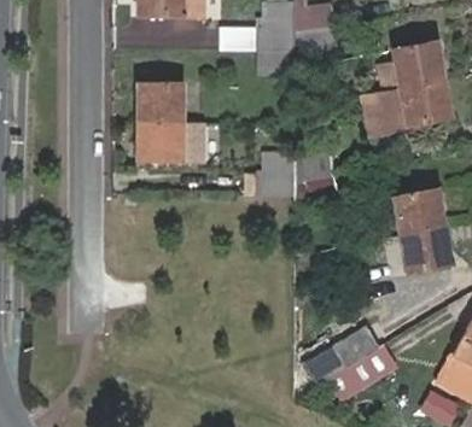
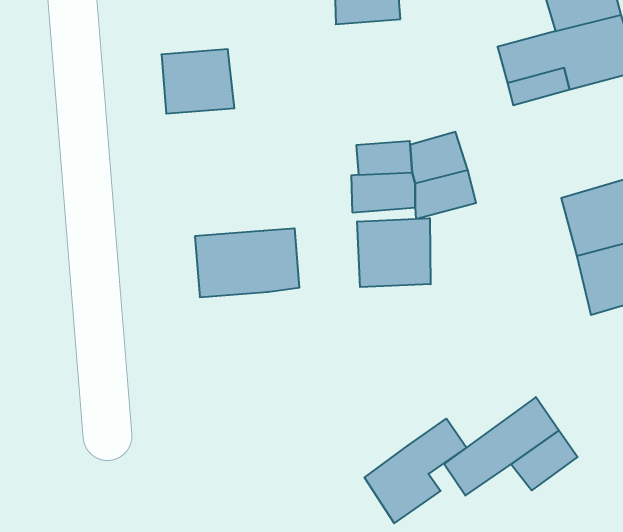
building: [140,122,205,162] -> [195,228,299,297]
building: none -> [357,218,431,287]
building: none -> [364,419,466,523]

